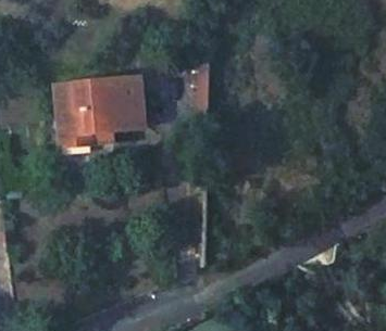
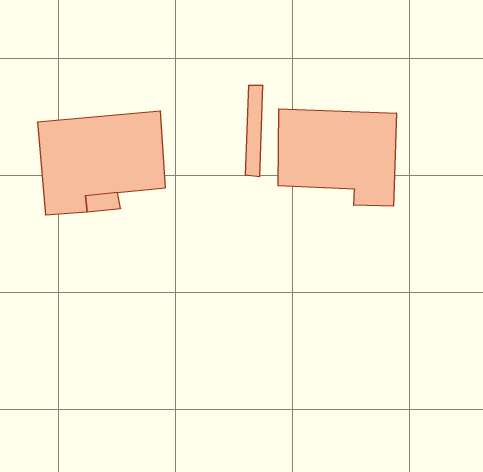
building: none -> [278,109,396,206]

